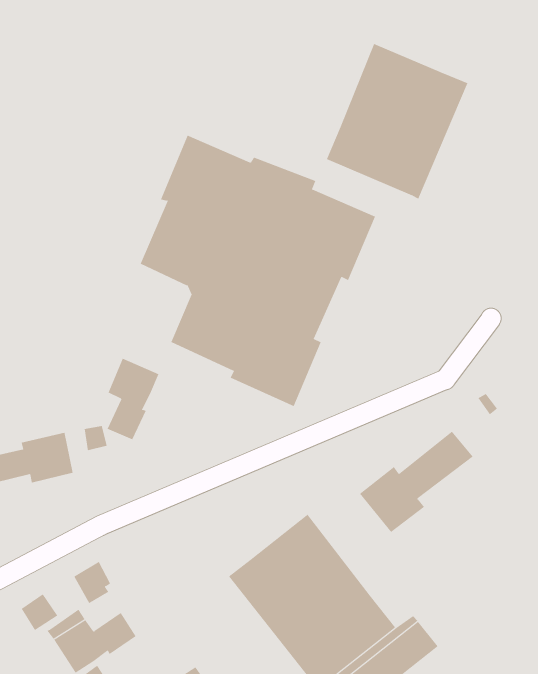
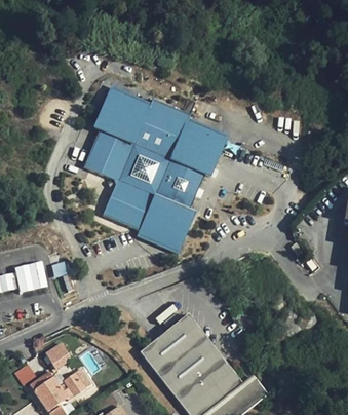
building: [326,43,468,200] -> none
building: [107,358,159,440] -> none
building: [359,431,473,533] -> none

